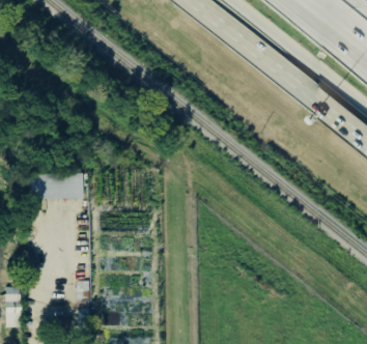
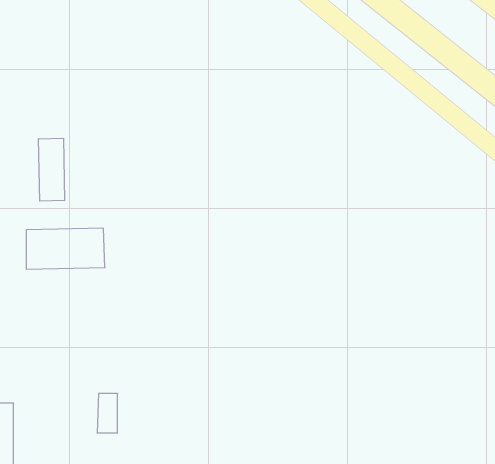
building: none -> [39,138,65,201]

